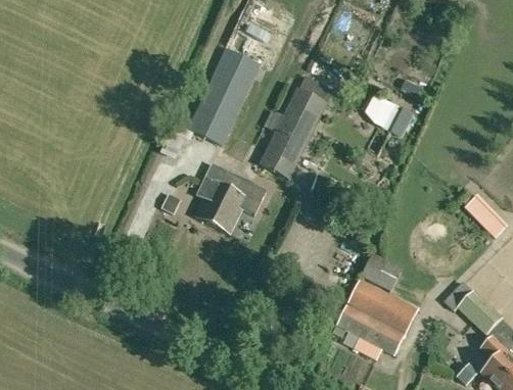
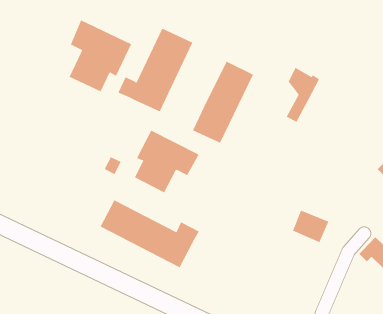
building: none -> [69,19,132,92]
building: none -> [100,199,200,268]
building: [336,279,418,355] -> none

